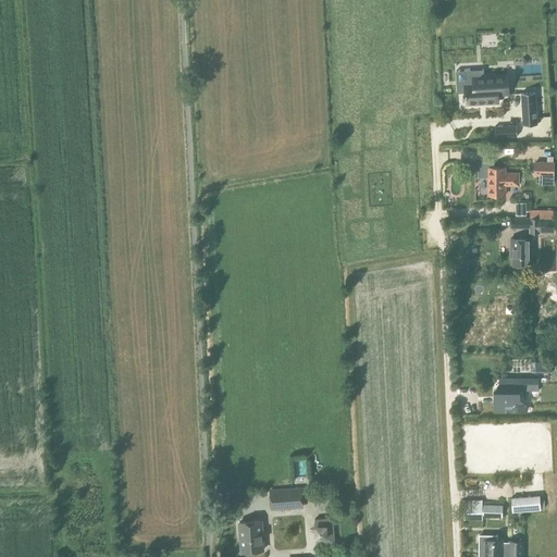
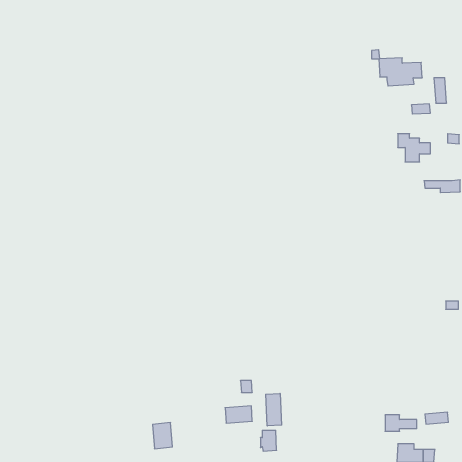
building: [511,238,530,265] -> none
building: [494,377,539,413] -> none
building: none -> [266,393,282,426]
building: [240,520,264,552] -> [153,423,172,449]

